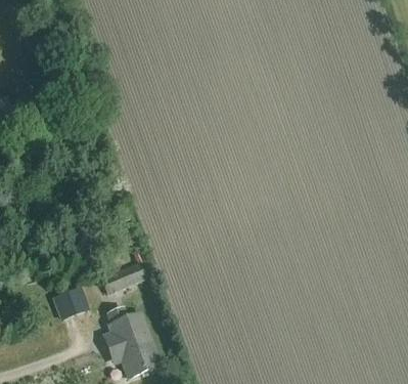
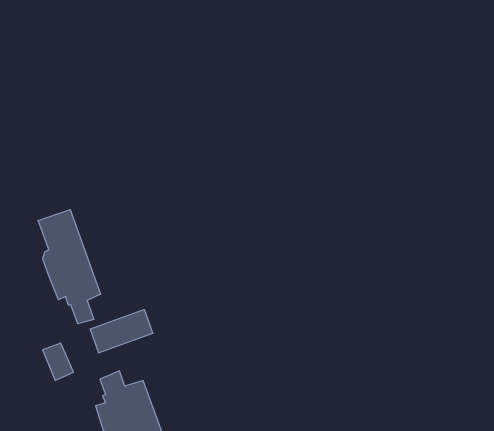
building: none -> [38,210,101,324]

